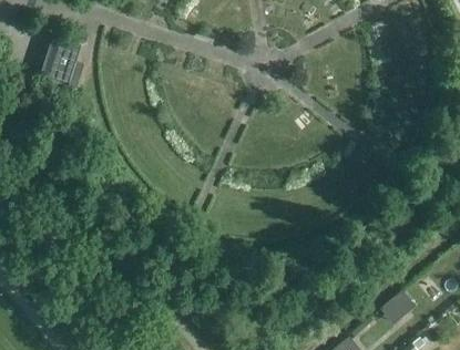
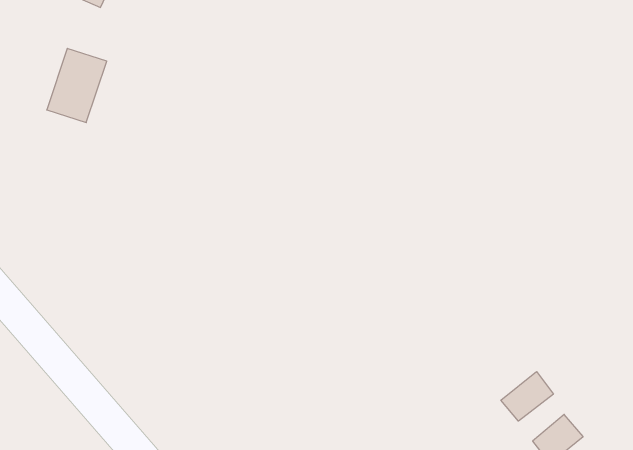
building: none -> [501,372,553,421]

